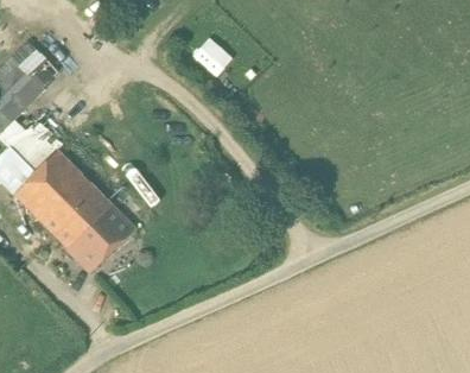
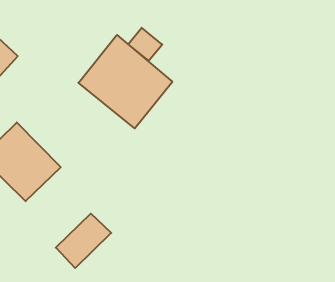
building: none -> [78,35,172,128]
building: [68,206,135,272] -> [56,214,111,268]

